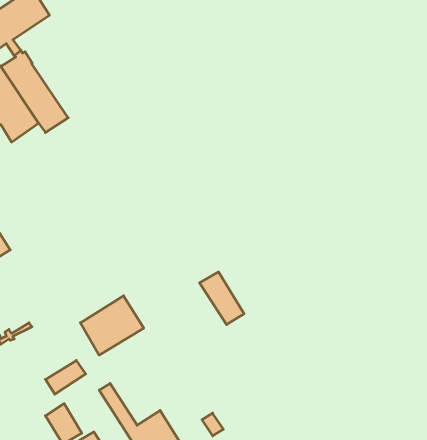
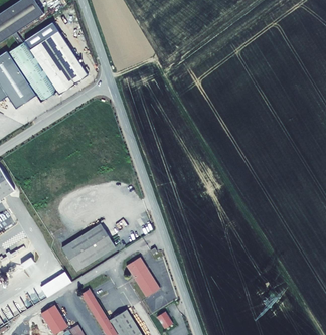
building: none -> [30,30,89,95]
building: [200,272,244,325] -> [126,257,159,296]

